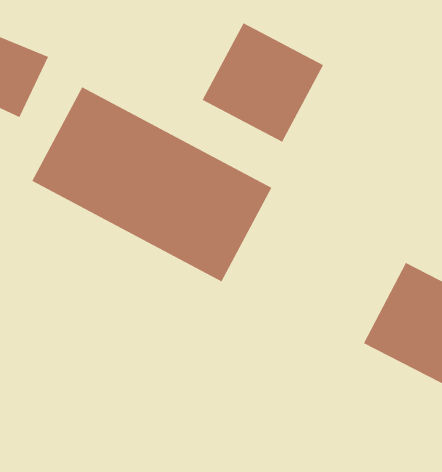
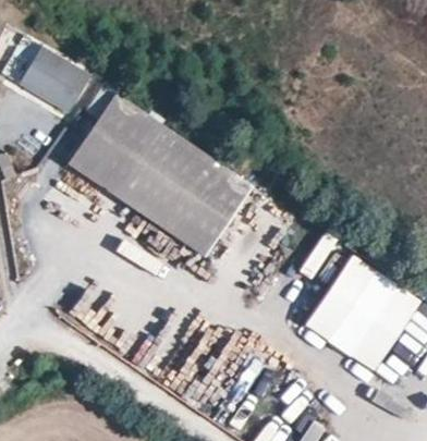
building: [202,22,324,143] -> none

